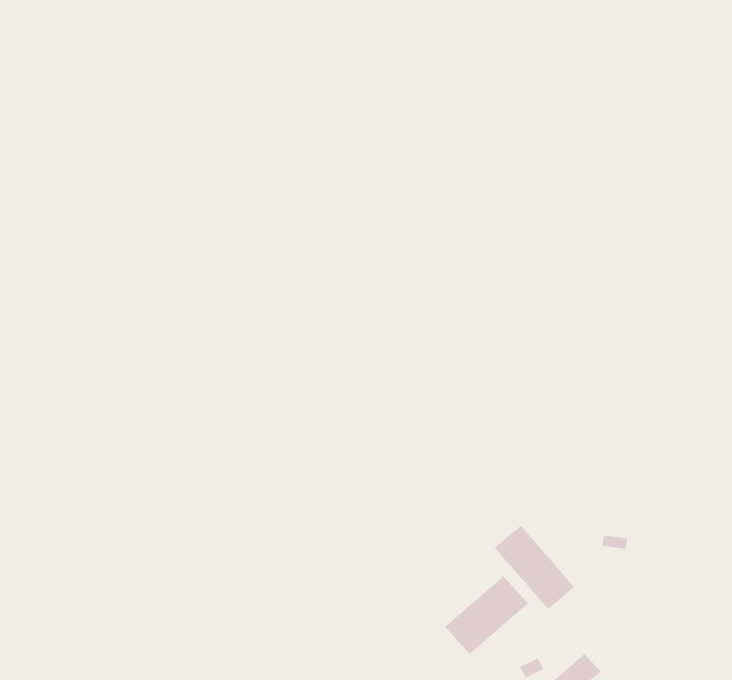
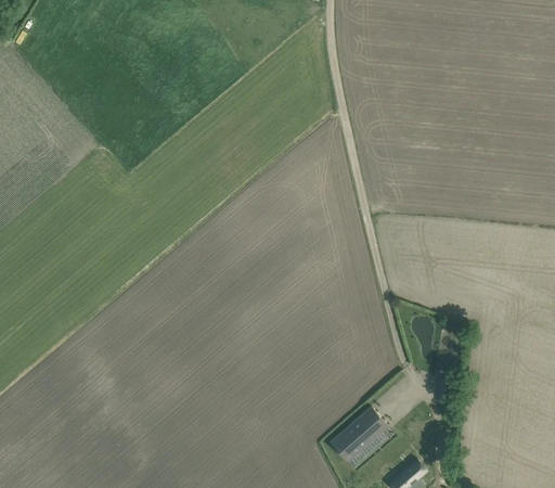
building: [494,525,575,610] -> none

